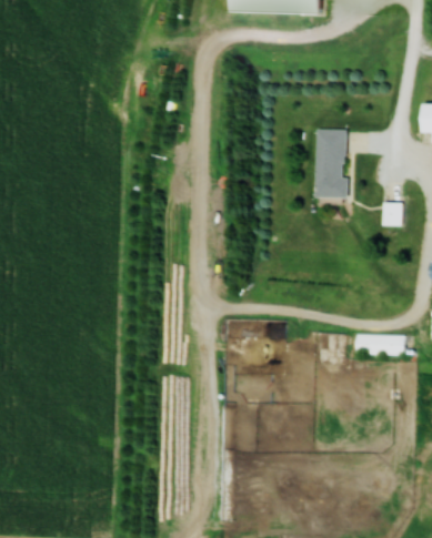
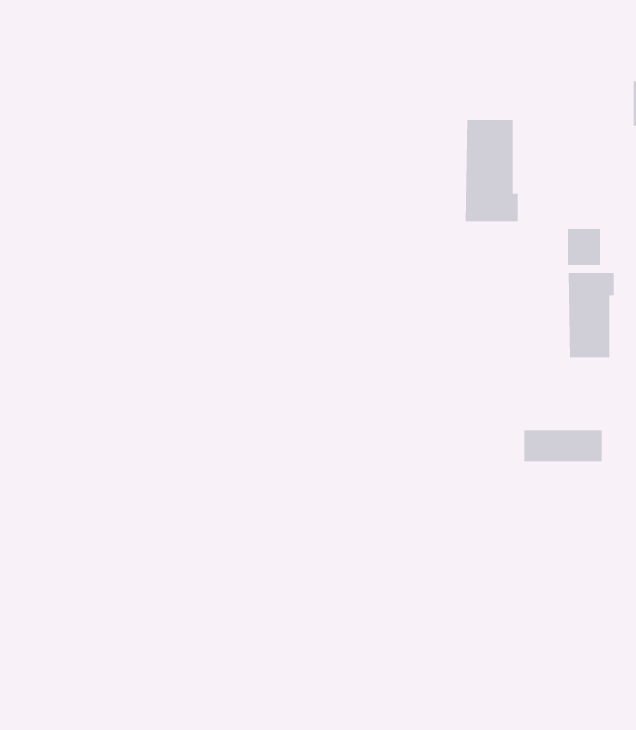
building: none -> [568,272,614,358]

